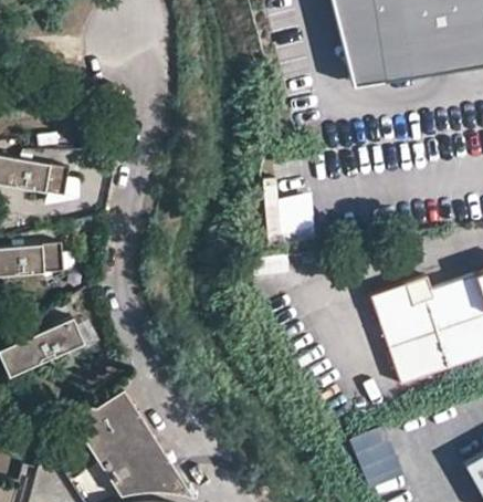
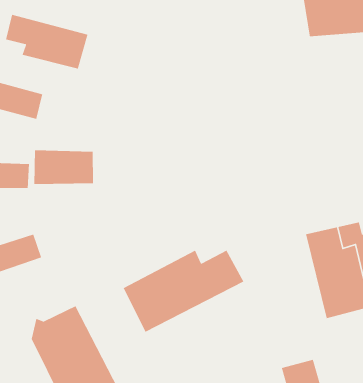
building: none -> [5,14,88,70]
building: none -> [34,149,94,185]
building: none -> [123,249,245,333]

